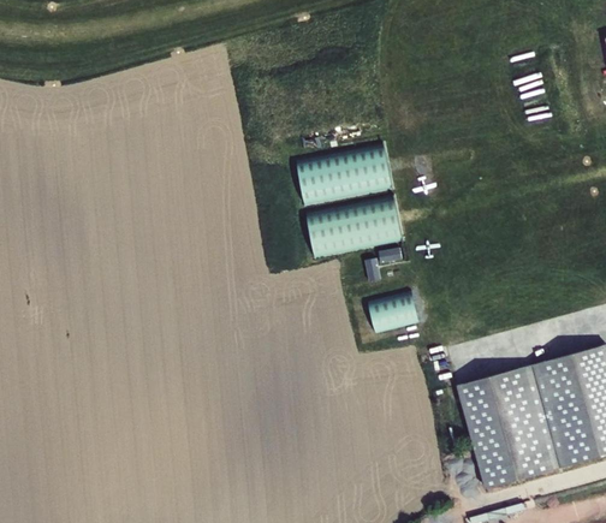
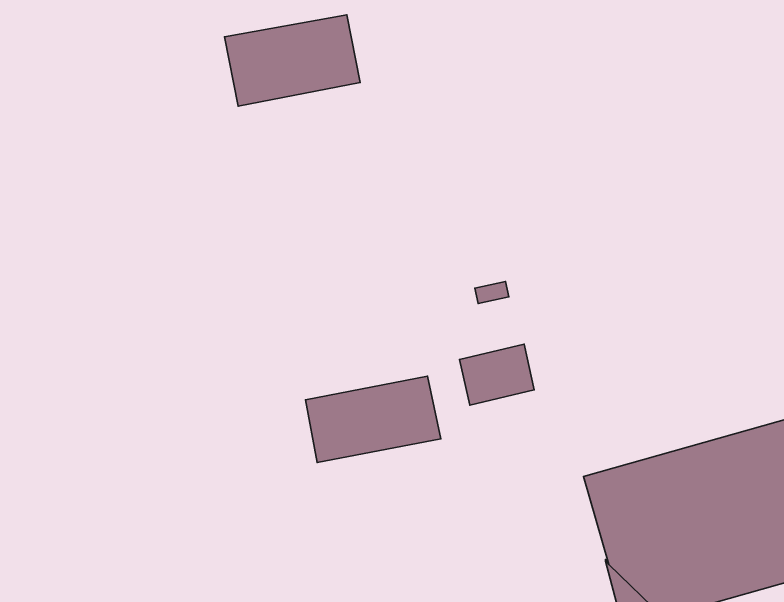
building: [298,143,394,208] -> [225,15,360,106]
building: [307,197,403,258] -> [305,376,441,462]

